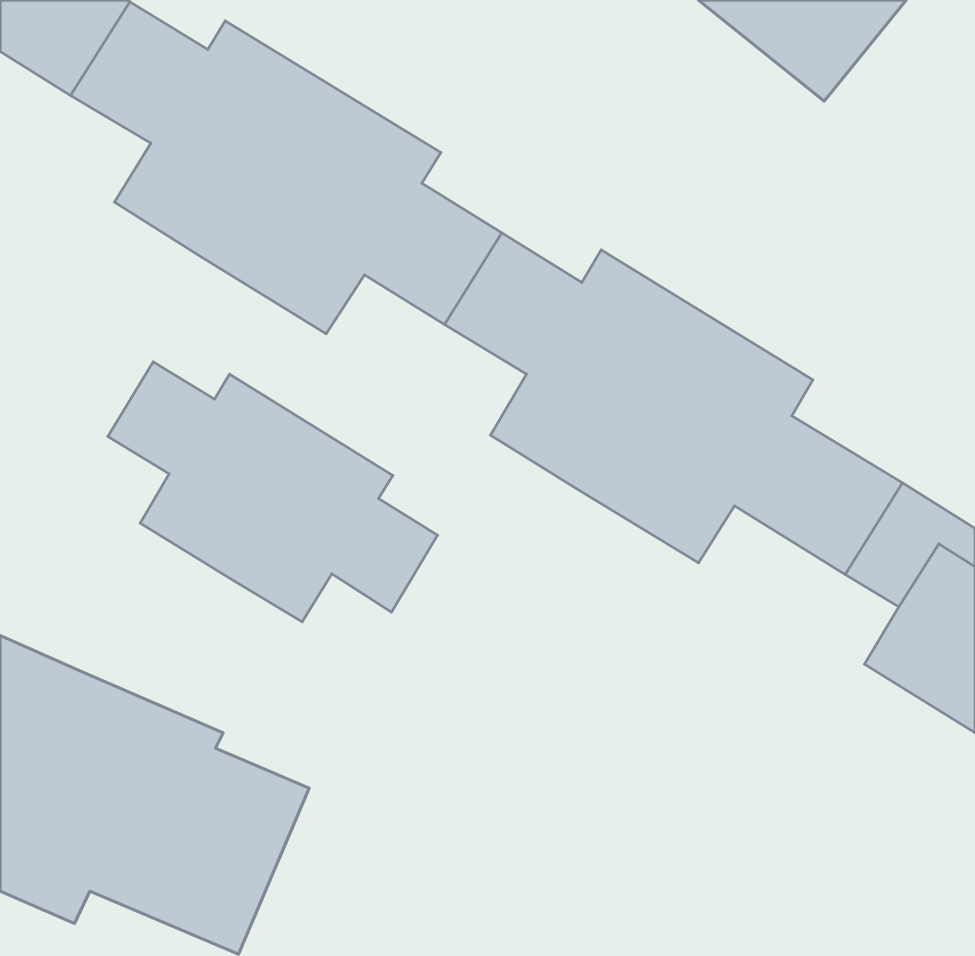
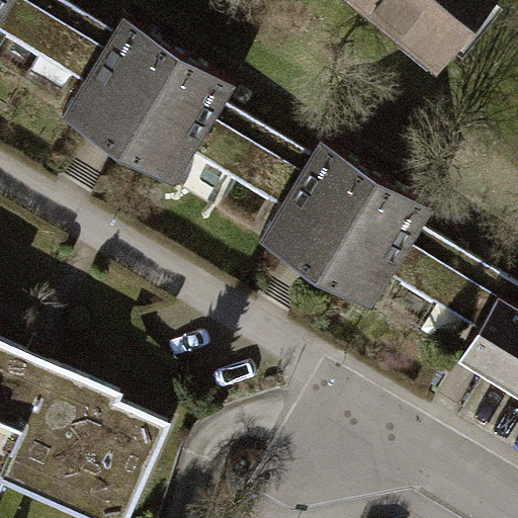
building: [108,362,438,622] -> none

